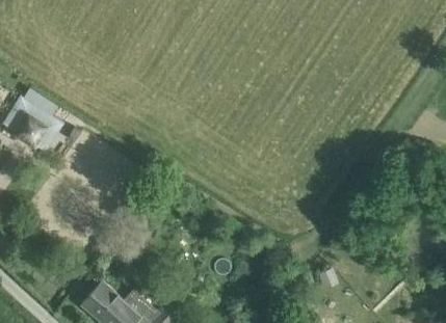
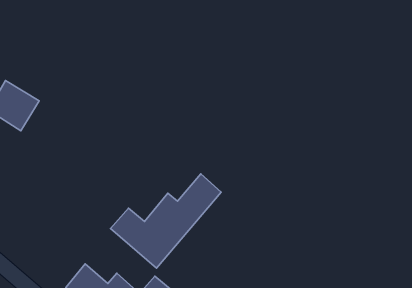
building: none -> [110,174,221,268]

